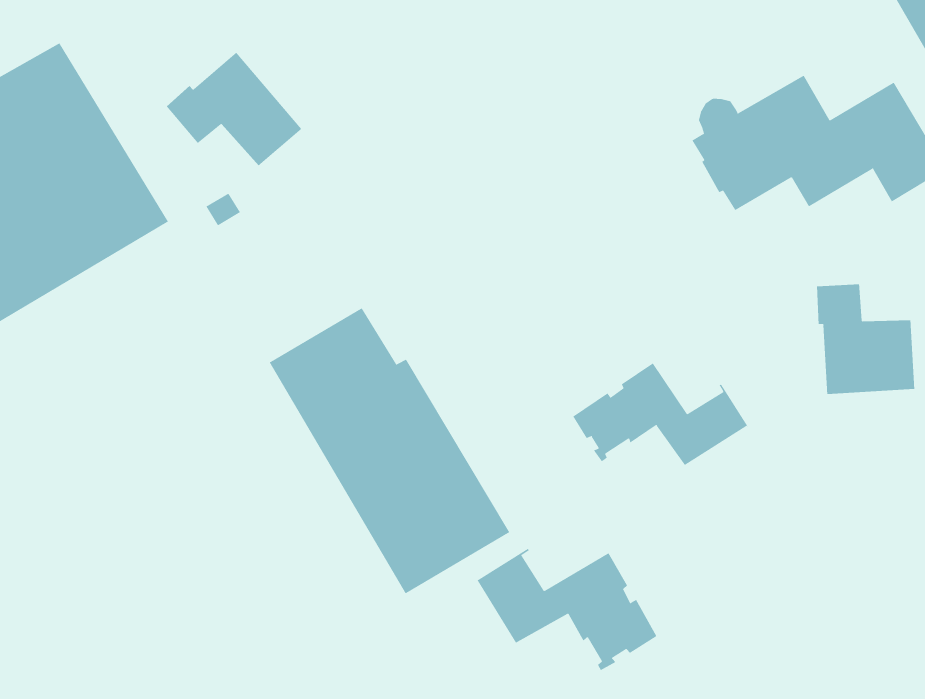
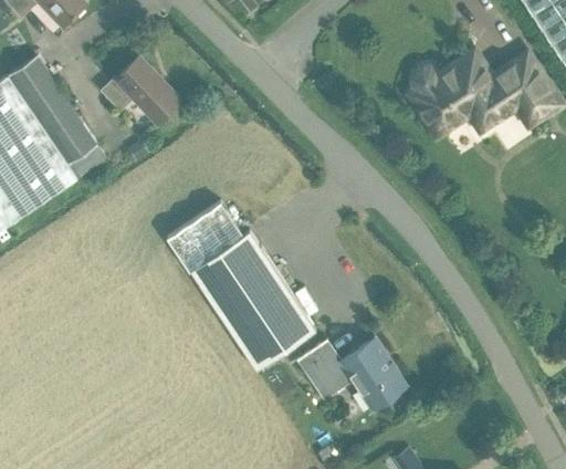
building: [817,283,915,395] -> none
building: [572,363,748,466] -> none

